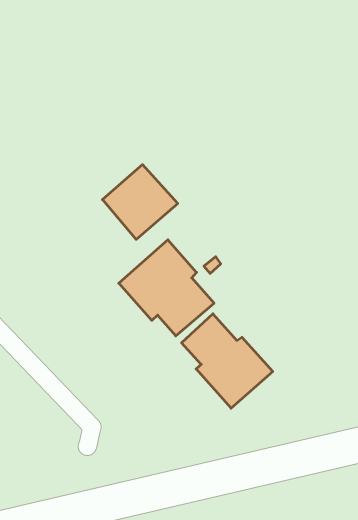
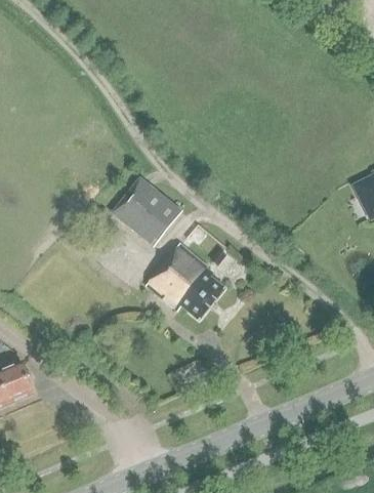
building: [182,314,273,408] -> none

